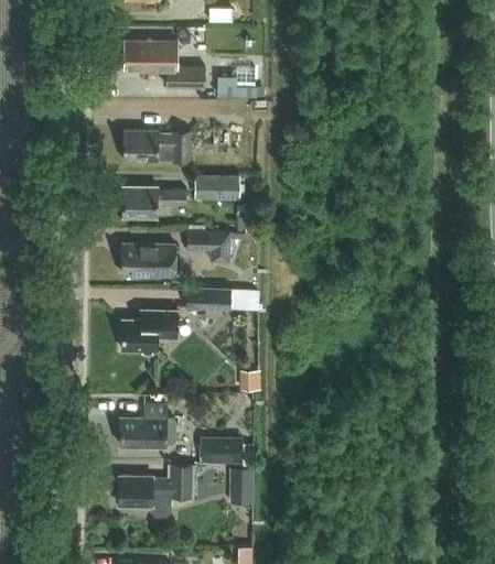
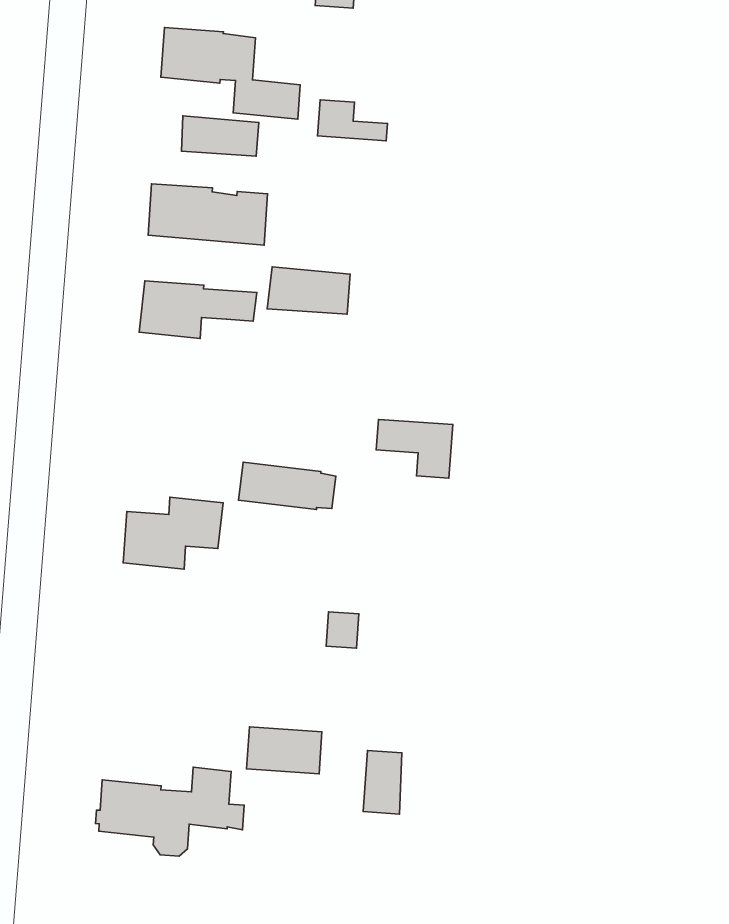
building: none -> [181,116,259,156]
building: [187,231,230,262] -> [376,419,453,478]
building: [120,245,175,275] -> none
building: [119,404,174,447] -> none
building: [230,469,251,505] -> [363,750,402,814]

